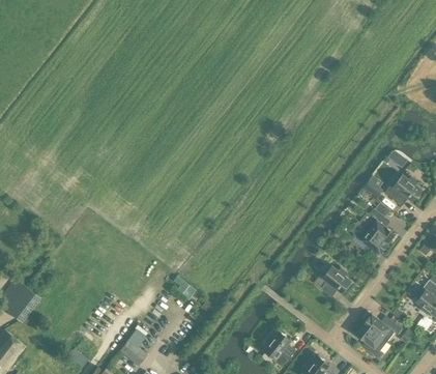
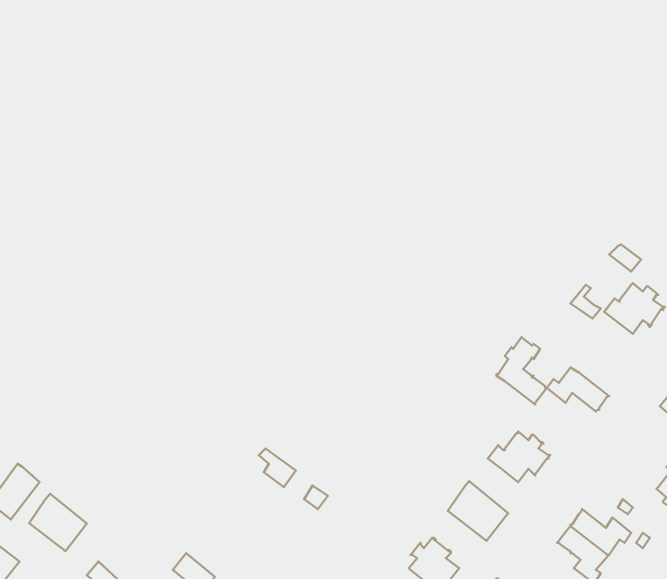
building: [365,202,396,243] -> [496,337,547,405]
building: none -> [448,481,508,541]
building: none -> [29,494,87,551]

